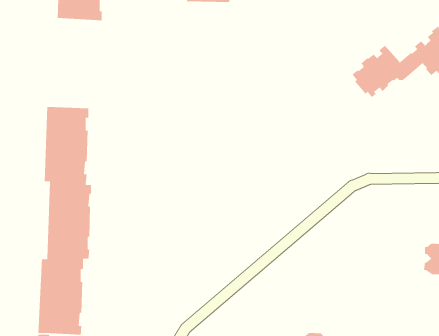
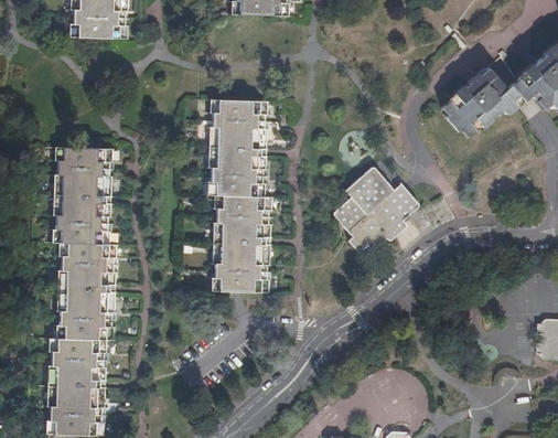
building: none -> [211,99,272,291]
building: none -> [332,168,420,253]

